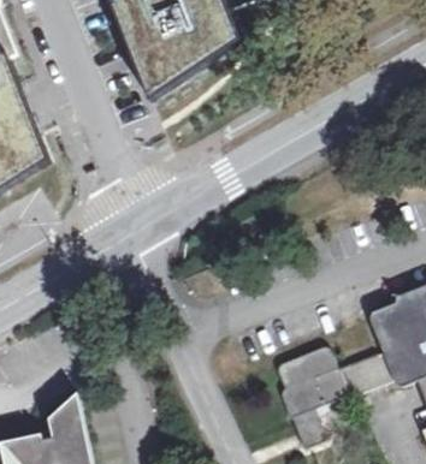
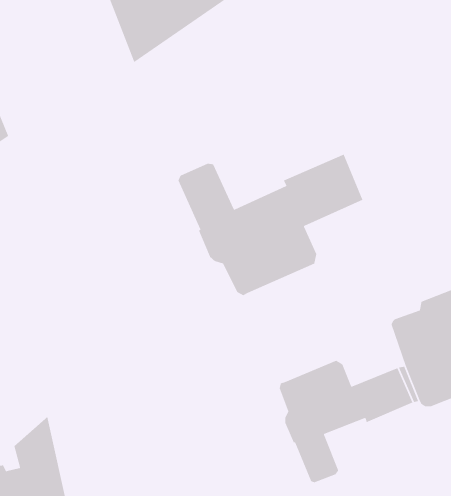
building: none -> [177,154,363,296]

